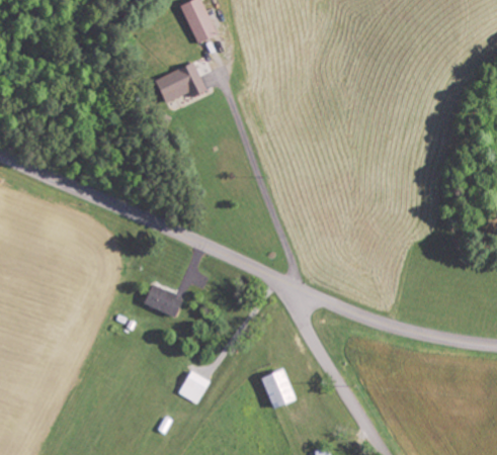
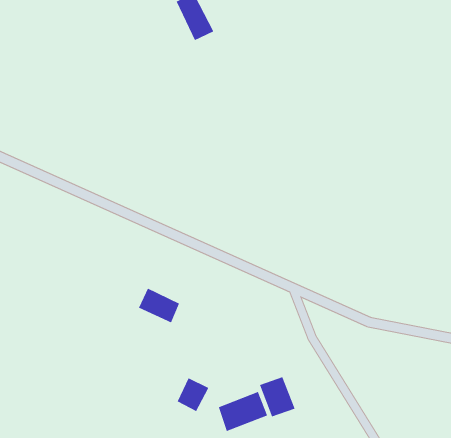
building: [154,62,206,103] -> none
building: none -> [218,391,268,432]

